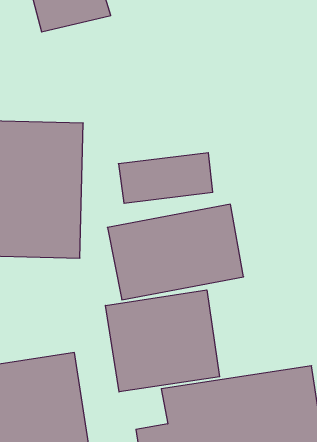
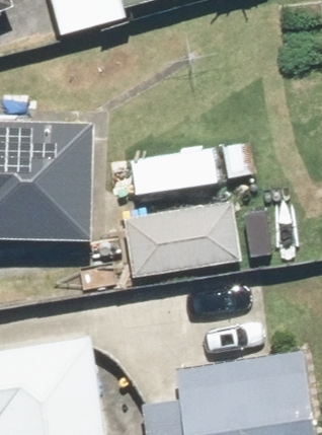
building: [105,290,220,392] -> none

